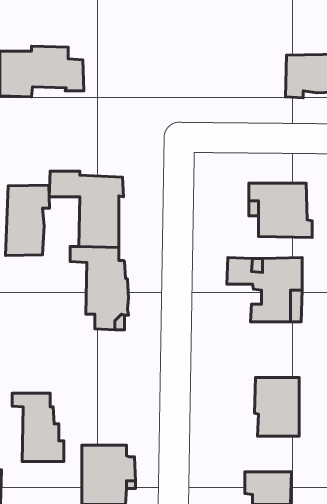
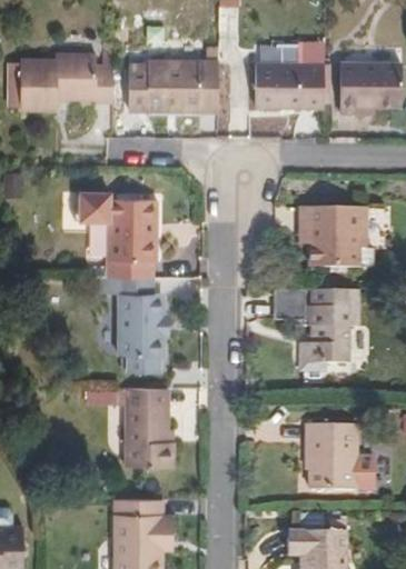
building: none -> [130,58,218,110]
building: none -> [254,61,324,106]
building: [6,185,49,256] -> none
building: [12,393,64,462] -> [113,388,171,465]

